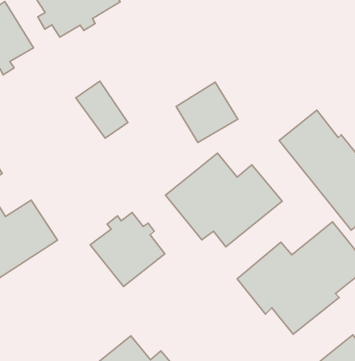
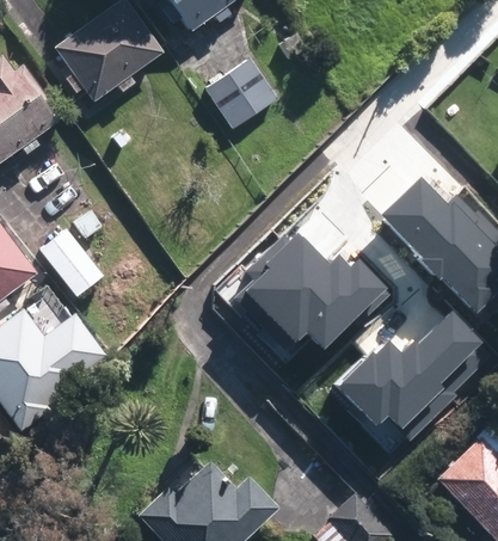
building: [76,81,128,138] -> [39,228,105,297]
building: [176,82,238,142] -> [205,57,282,133]
building: [90,212,165,286] -> none

